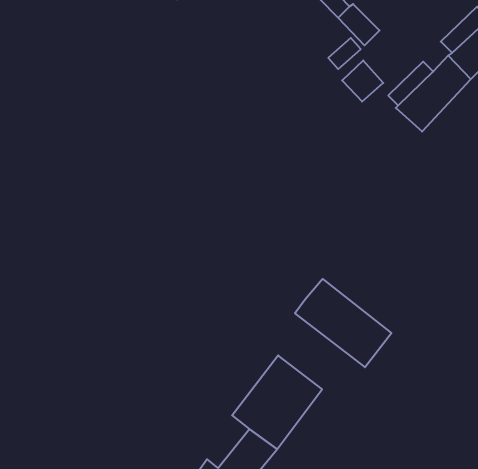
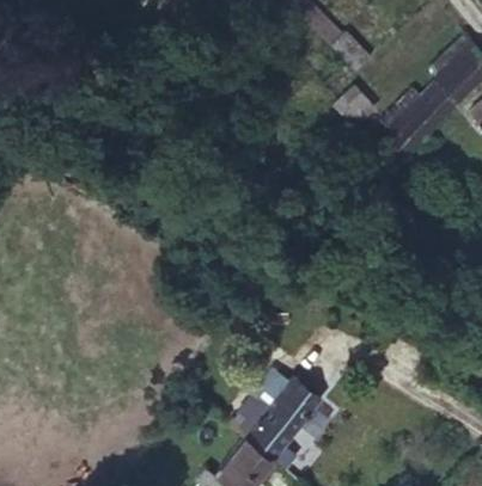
building: [295,279,391,367] -> none

